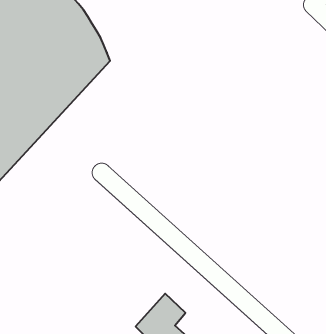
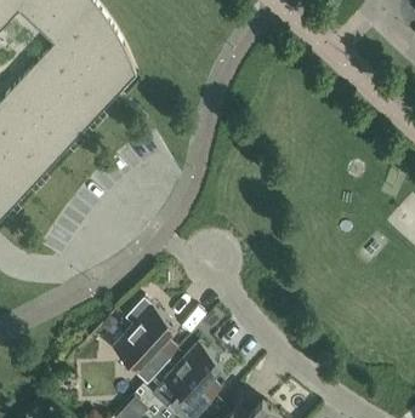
building: none -> [113,297,176,380]

